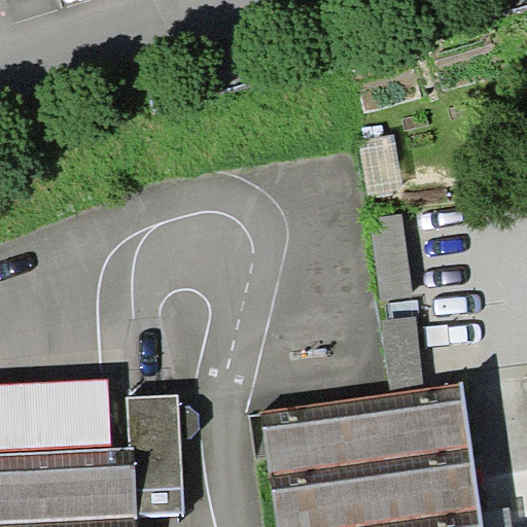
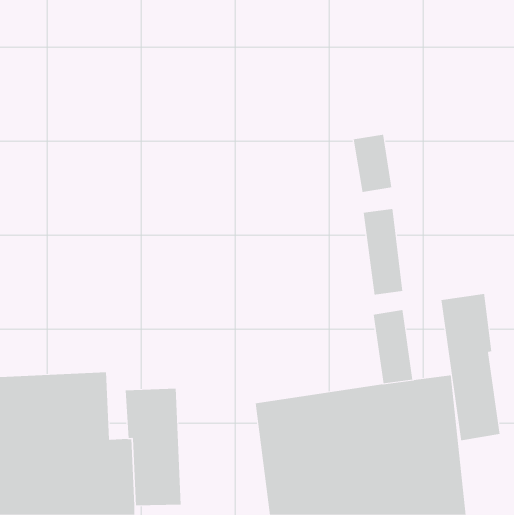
building: none -> [441,293,500,441]

